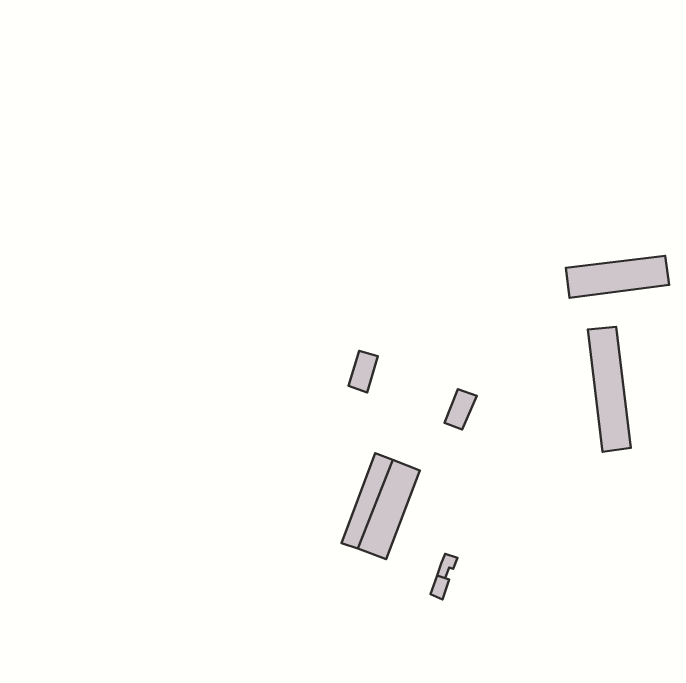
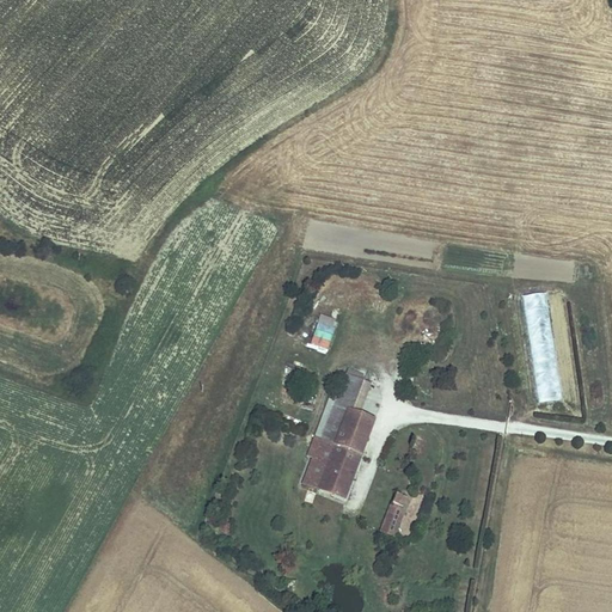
building: [566,256,669,298] -> none
building: [445,389,477,429] -> [335,373,363,409]

